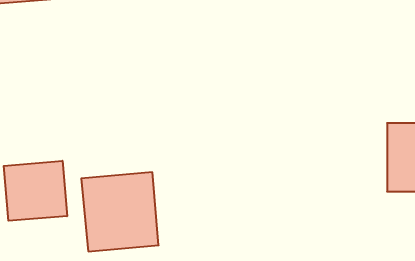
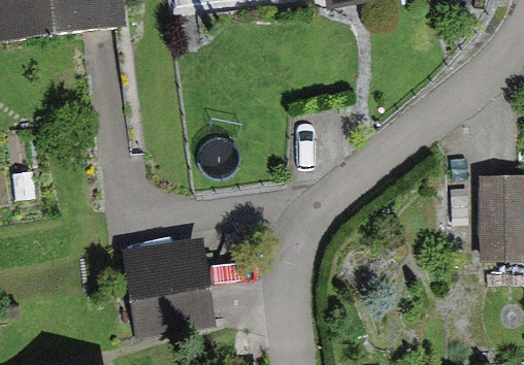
building: [4,161,67,221] -> none

